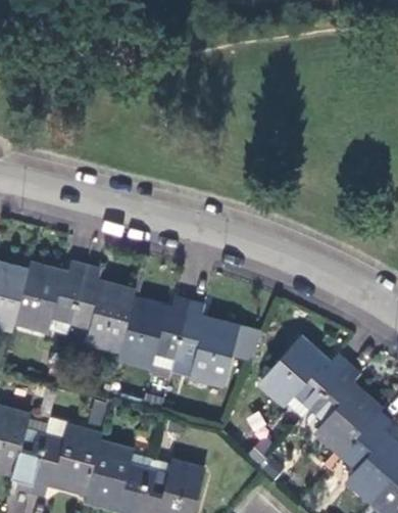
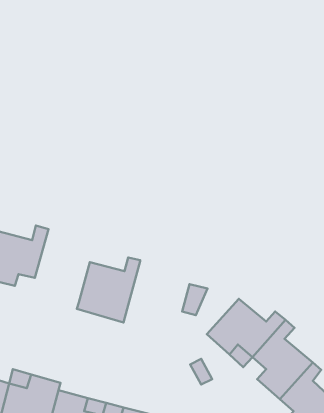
building: [71,266,135,347] -> none
building: [175,300,238,384] -> none

